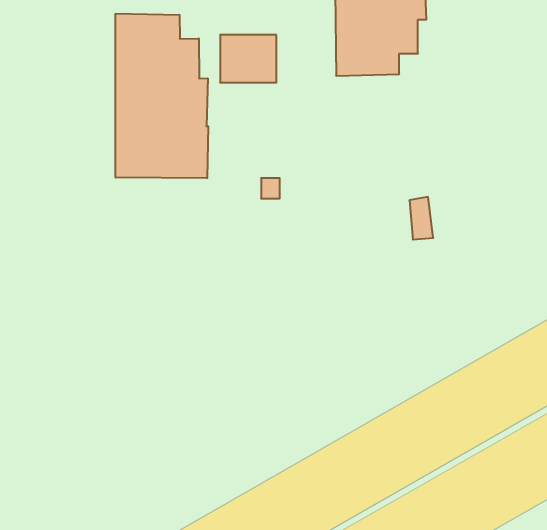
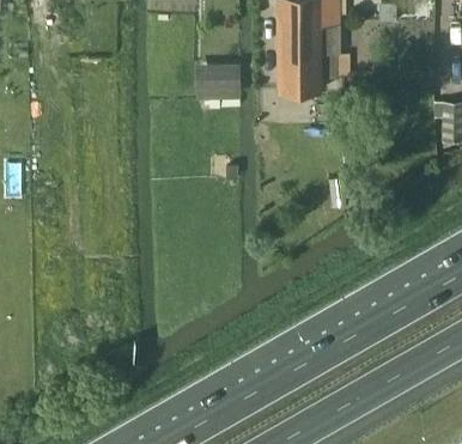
building: [116,14,208,178] -> none

